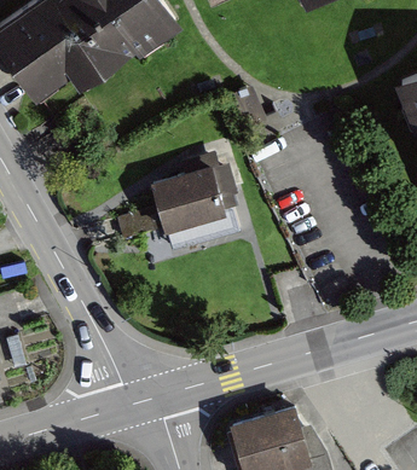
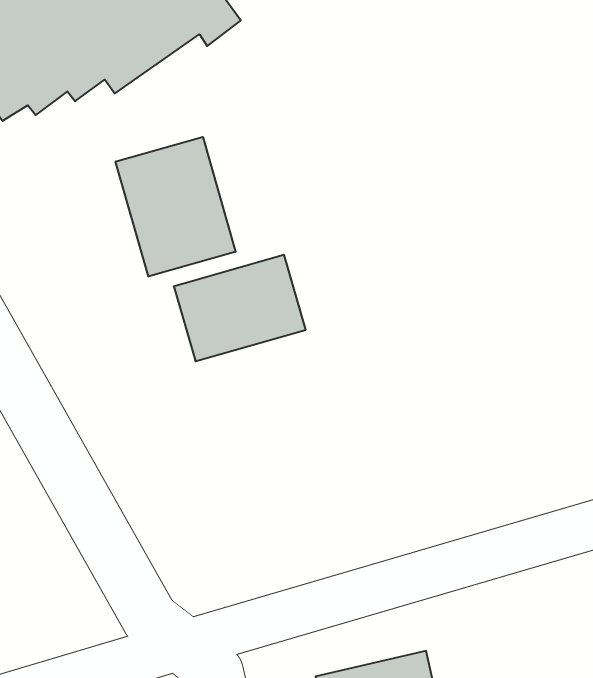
building: none -> [116,137,236,276]

